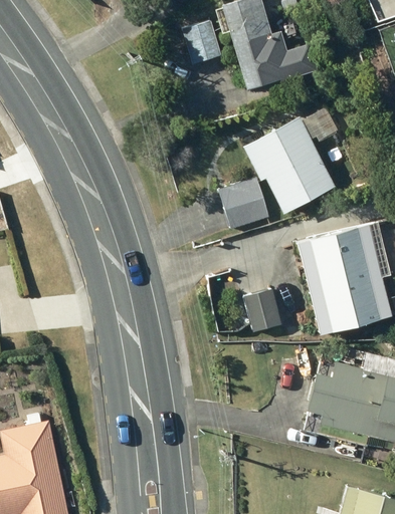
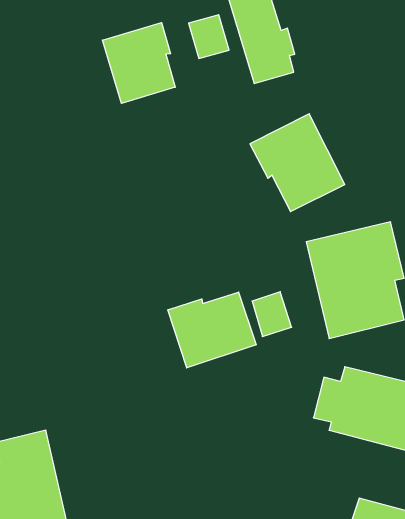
building: none -> [102,23,175,103]
building: [221,177,270,228] -> none
building: none -> [168,292,256,368]

